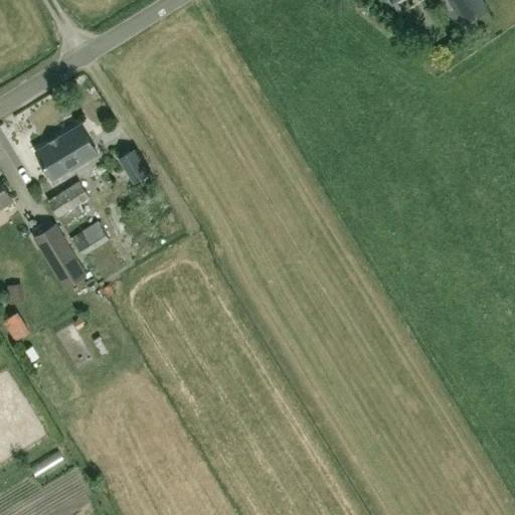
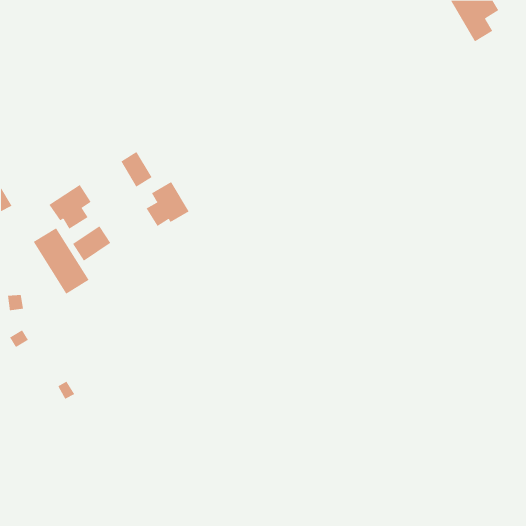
building: [36,125,98,179] -> none
building: none -> [146,181,190,227]

